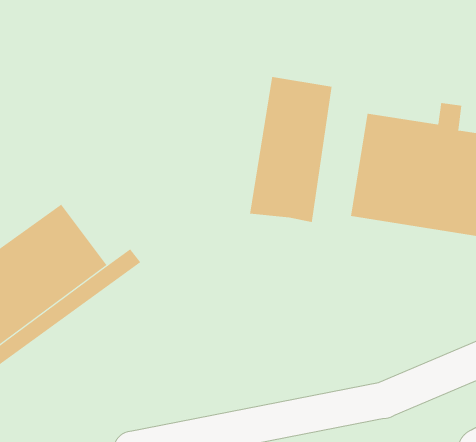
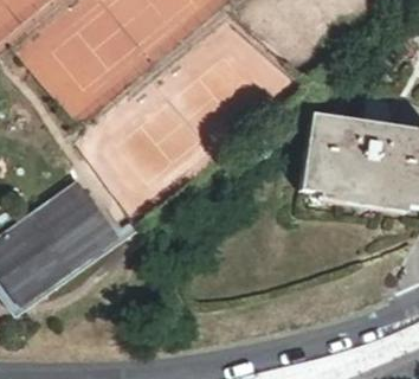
building: [250,76,332,223] -> none

